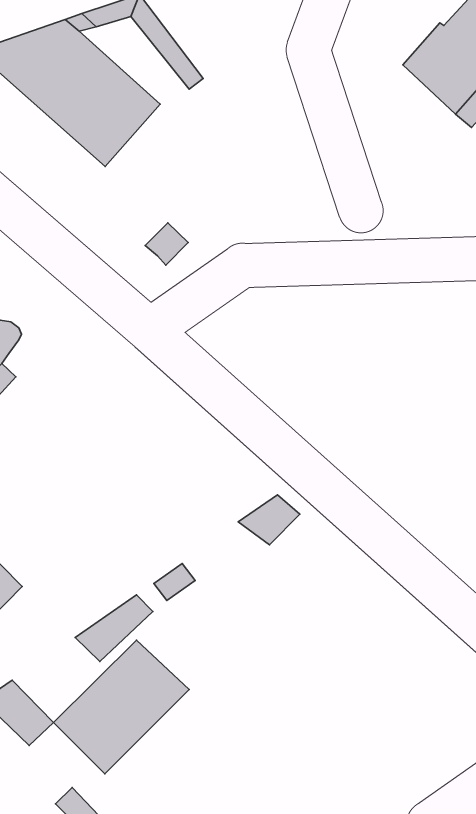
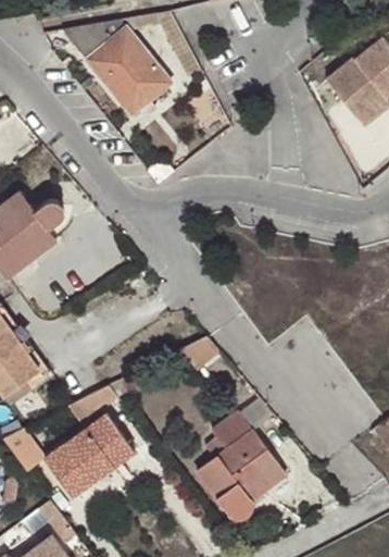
building: none -> [197,412,285,519]

